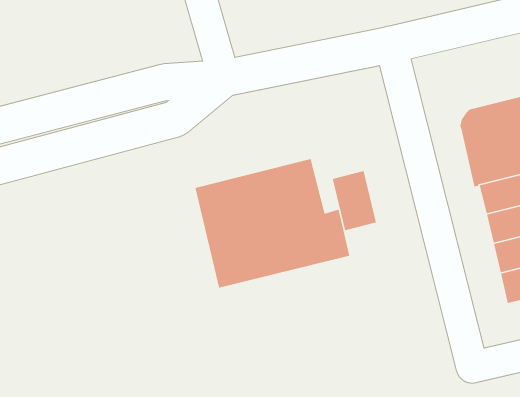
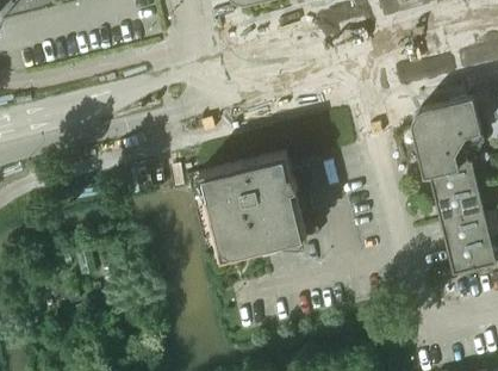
building: [332,170,377,231] -> none

